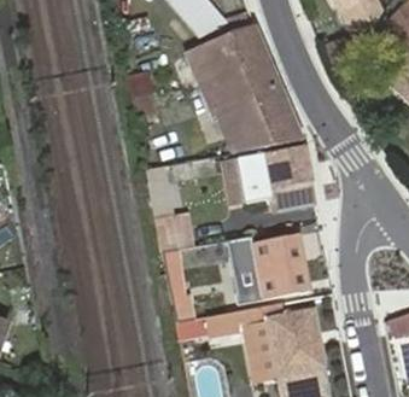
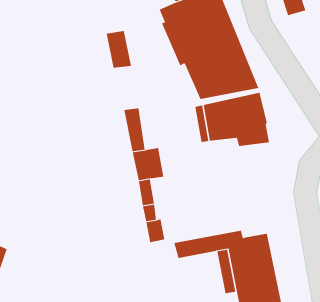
building: [236,239,308,305] -> none

